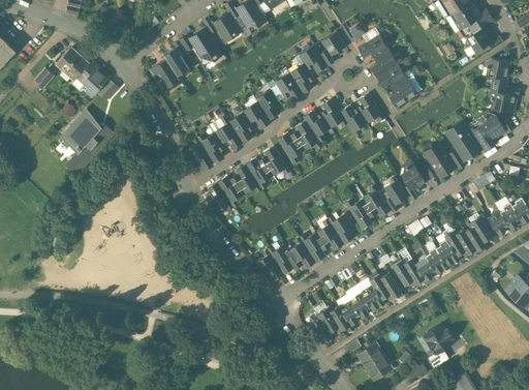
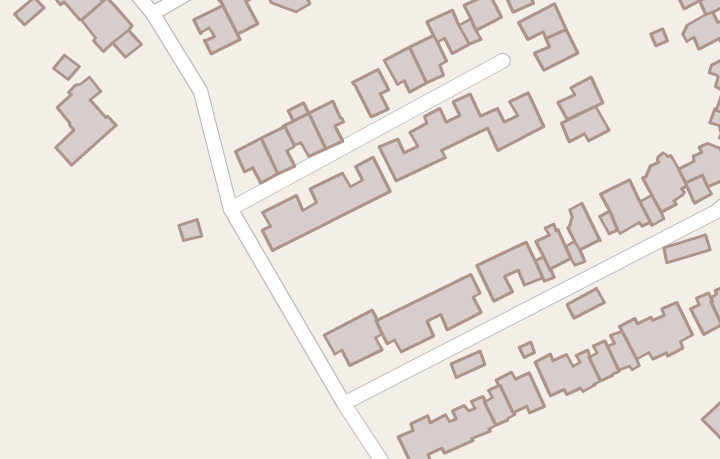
building: [377,64,408,89] -> [562,106,609,142]
building: [243,101,272,129] -> none

